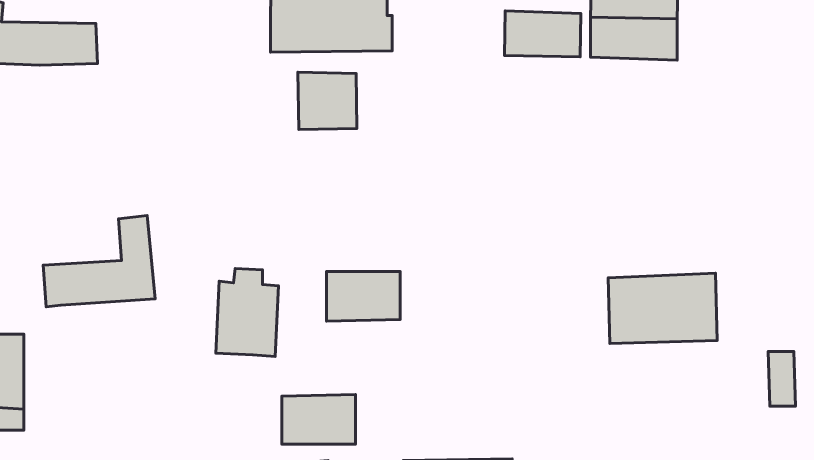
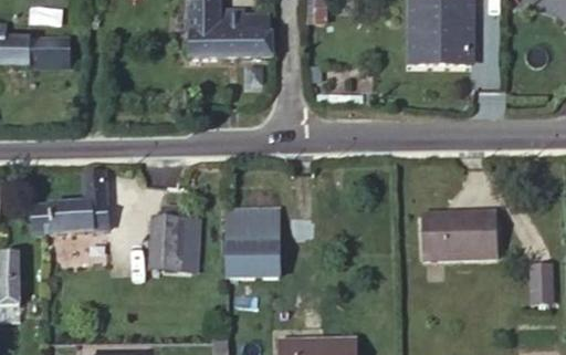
building: [504,11,581,57] -> none
building: [298,72,357,129] -> none
building: [282,394,355,444] -> [228,242,279,276]

